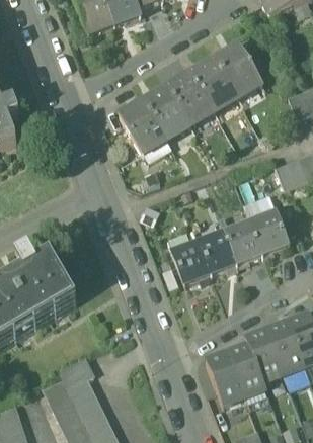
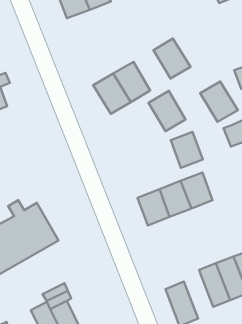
building: [215,45,260,93] -> [200,82,238,122]
building: [167,73,212,121] -> [149,91,186,131]
building: [250,210,289,254] -> [171,132,203,168]
building: [228,344,265,396] -> none

